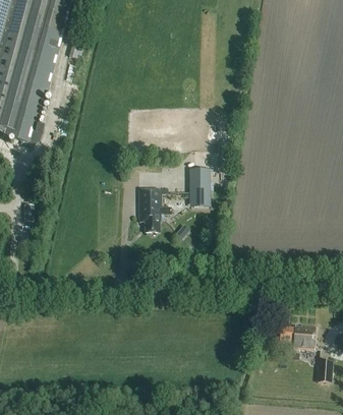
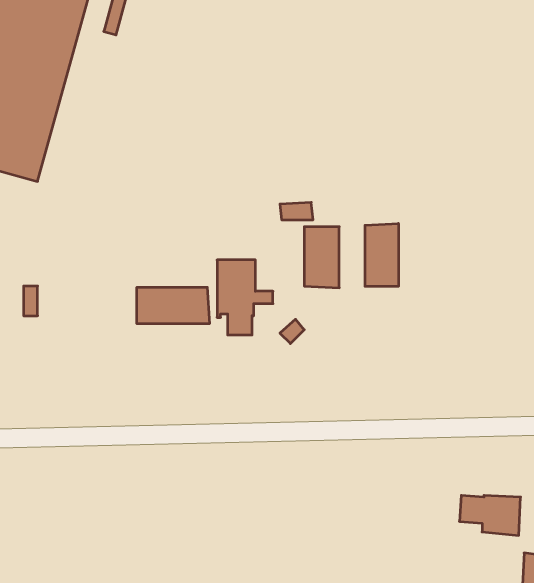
building: none -> [365,223,398,286]
building: none -> [137,287,209,324]

